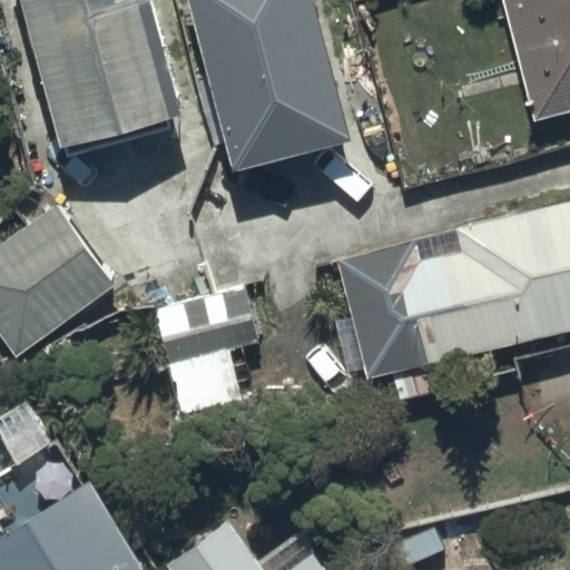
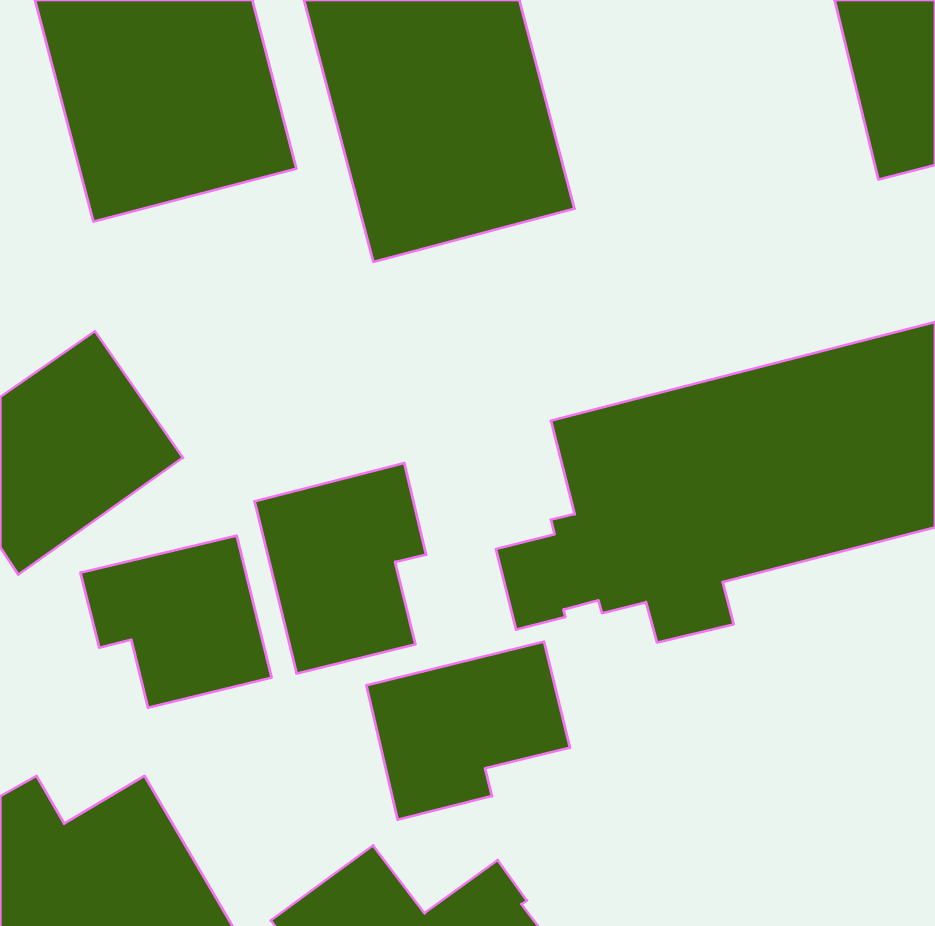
building: none -> [81,536,271,708]
building: none -> [367,642,570,820]

